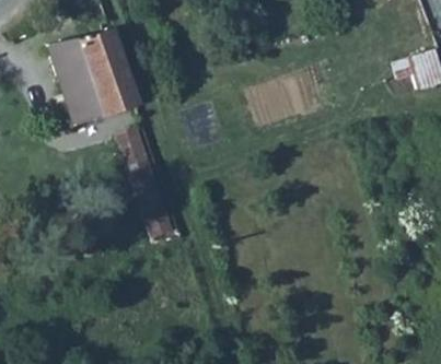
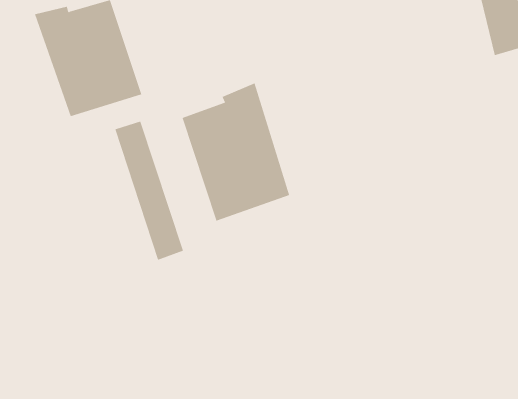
building: none -> [182,83,290,222]

